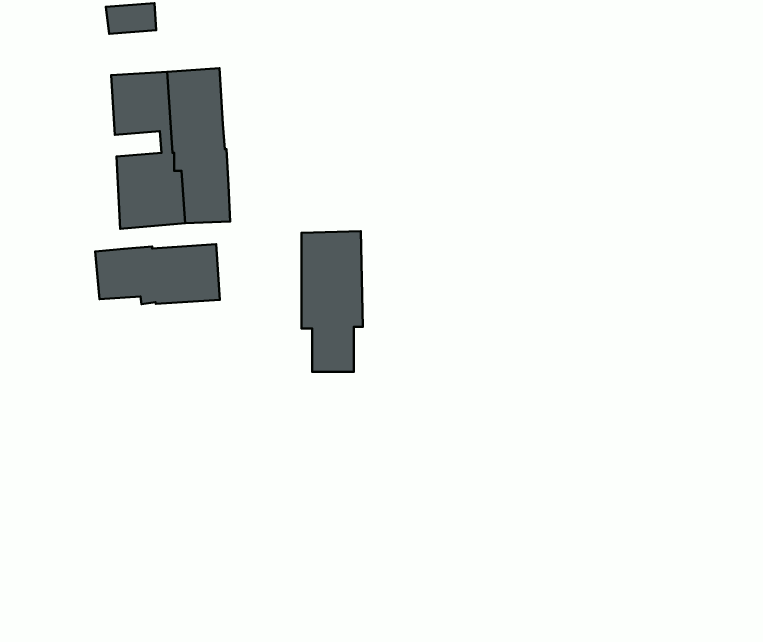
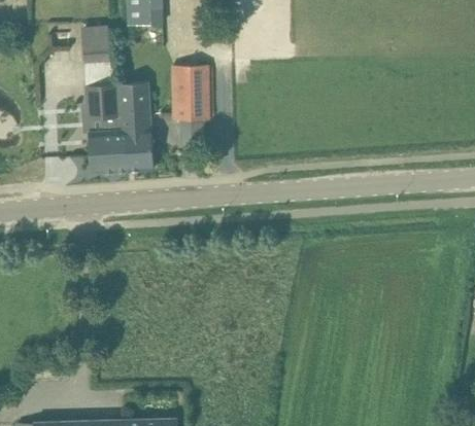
building: [301,231,363,372] -> [173,65,208,145]
building: [95,244,220,304] -> none

